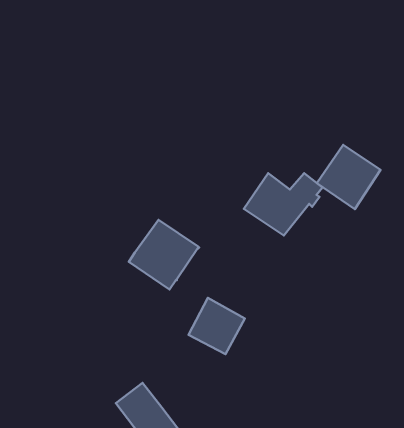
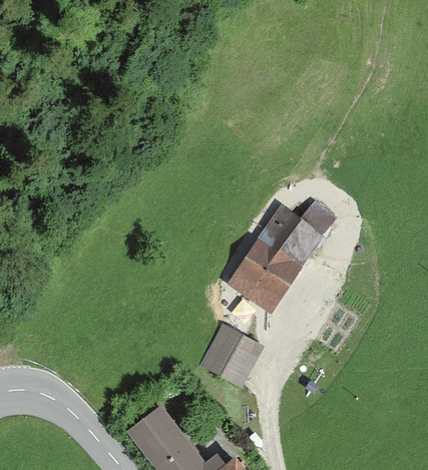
building: [317,145,381,209] -> none
building: [129,220,199,289] -> [229,241,298,309]

